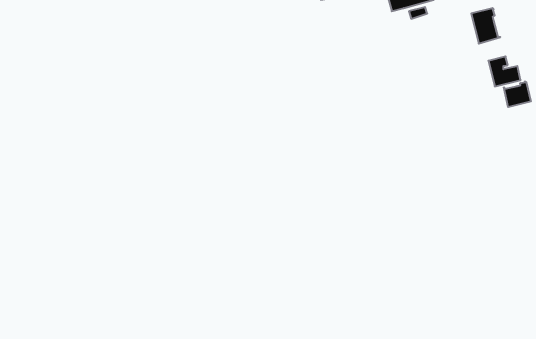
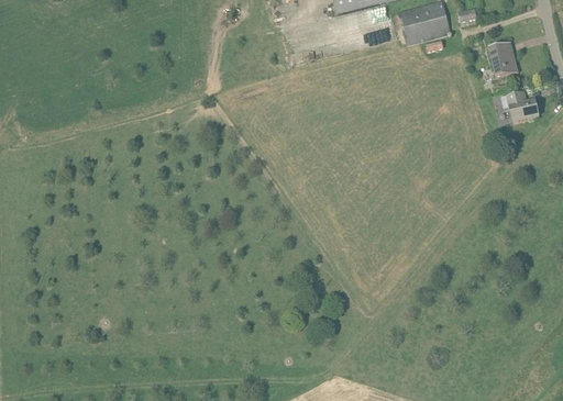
building: [504,81,531,107] -> none

